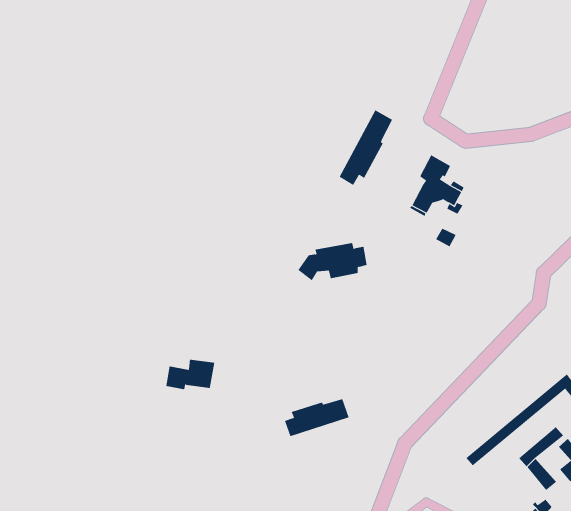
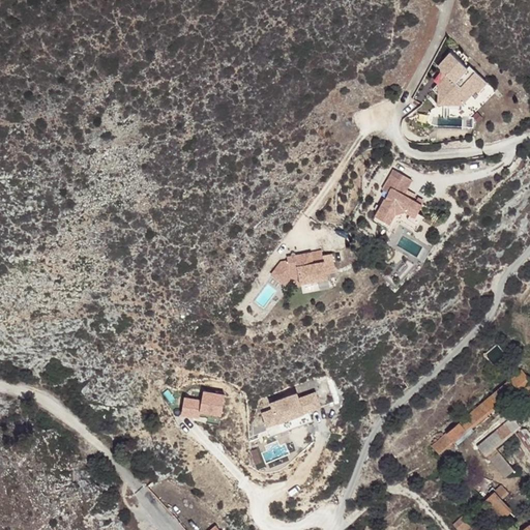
building: none -> [434,53,488,106]
building: [339,109,393,186] -> none
building: [166,359,215,390] -> [180,391,226,419]

